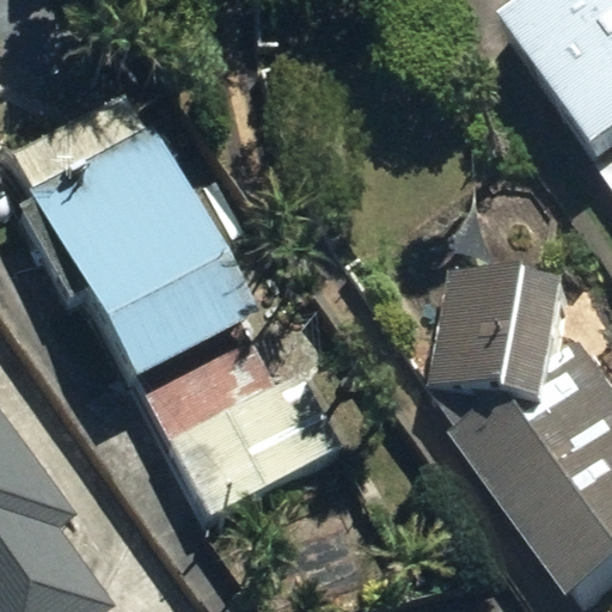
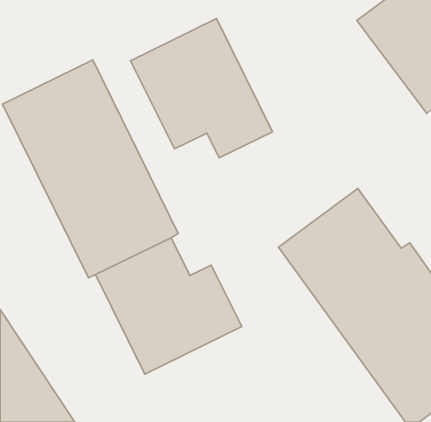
building: none -> [130,18,272,158]

